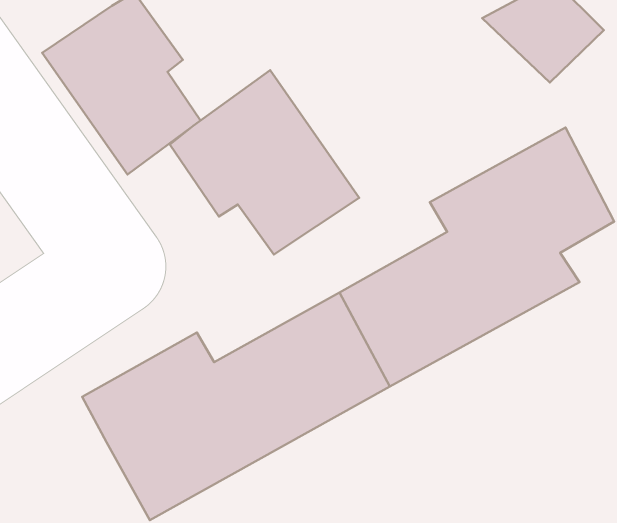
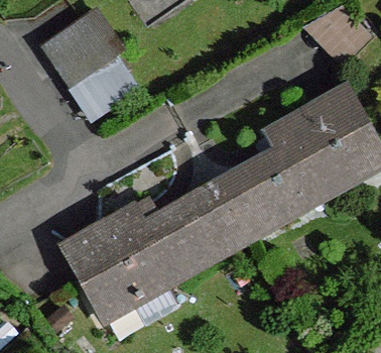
building: [170,70,359,254] -> none

